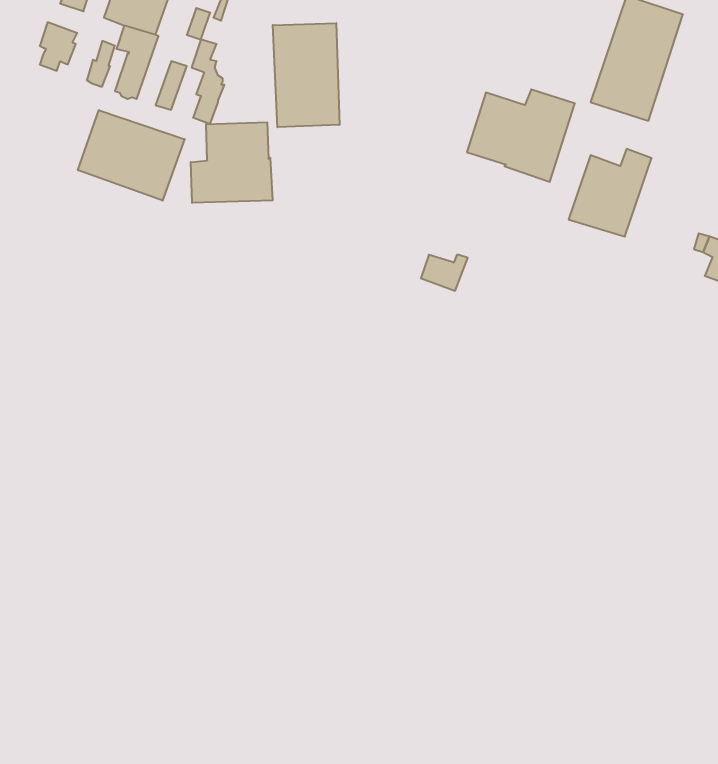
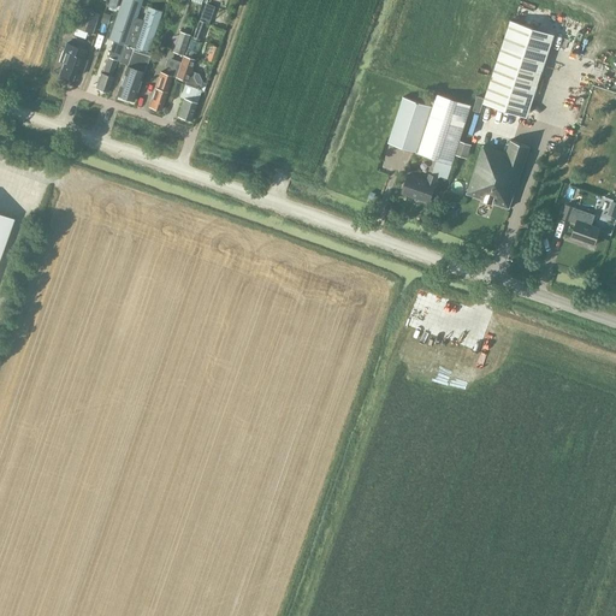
building: [273,23,339,127] -> none
building: [78,110,185,201] -> none
building: [191,122,273,203] -> none
building: [421,255,468,291] -> [402,174,438,202]

